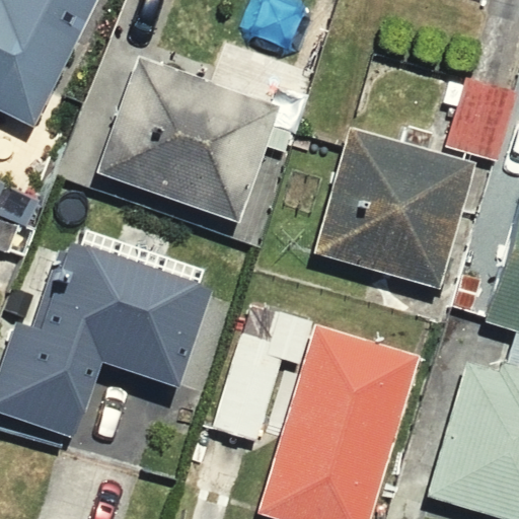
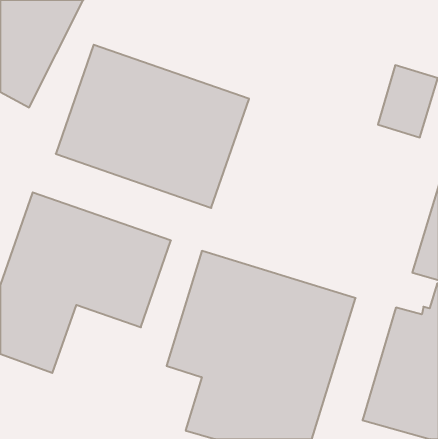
building: [316,128,478,289] -> none

